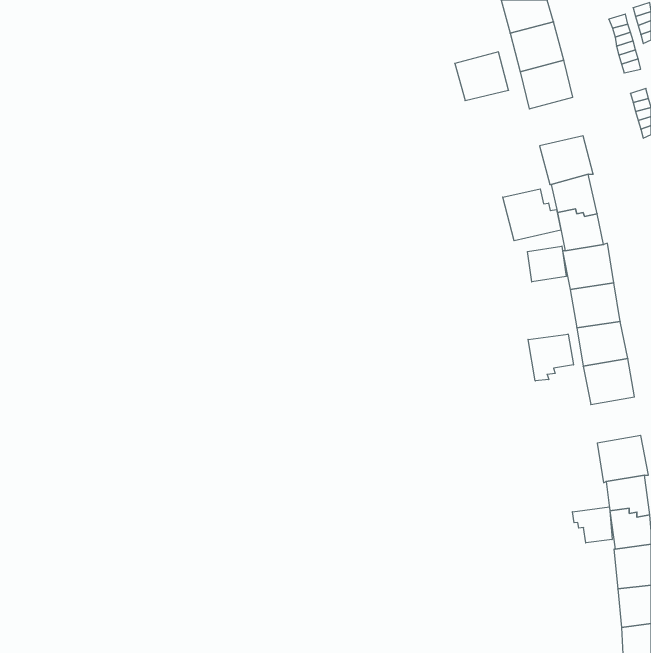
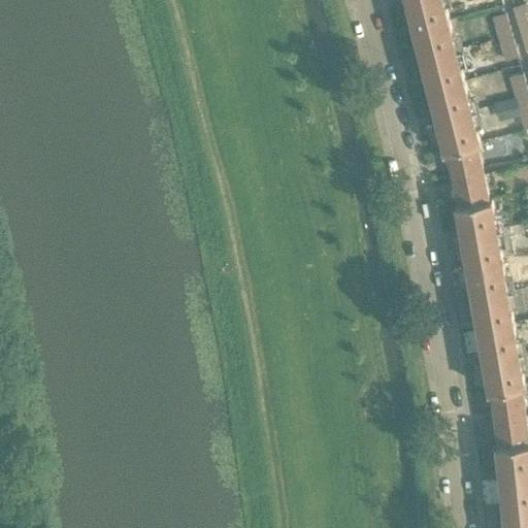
building: [455,52,509,101] -> [426,79,469,119]
building: [503,189,561,241] -> none
building: [527,246,566,282] -> none
building: [528,334,573,381] -> none
building: none -> [475,321,516,358]
building: [572,507,612,543] -> none

